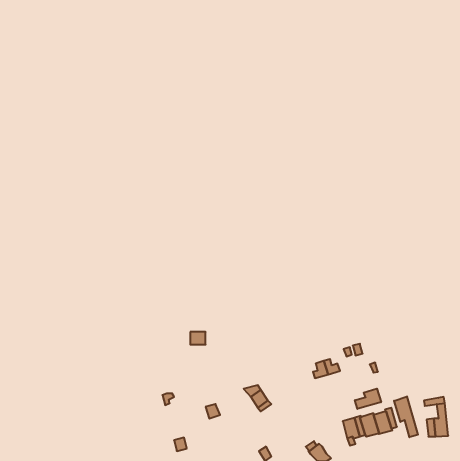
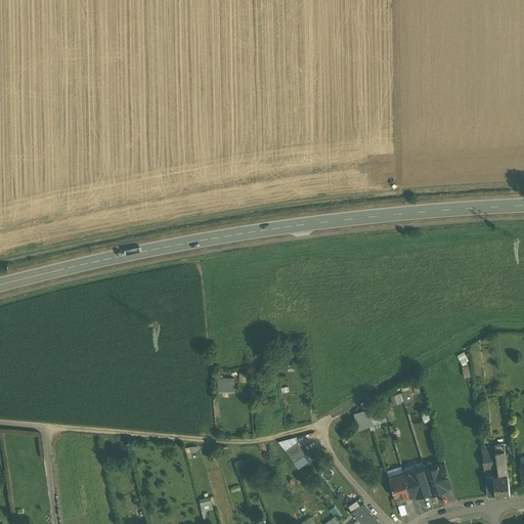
building: [355,389,381,409] -> none
building: [394,396,418,437] -> none

